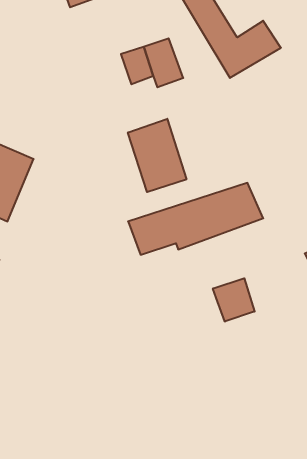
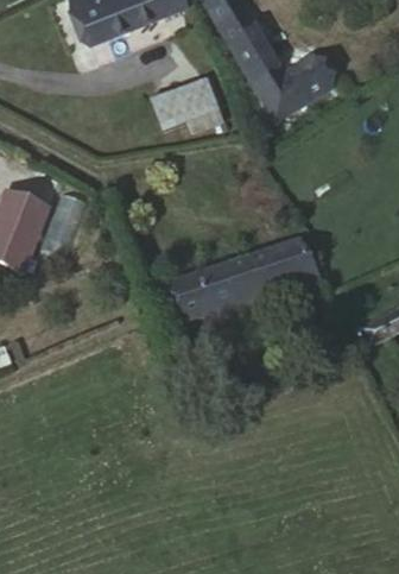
building: [128,119,186,192] -> none
building: [213,278,255,322] -> none

